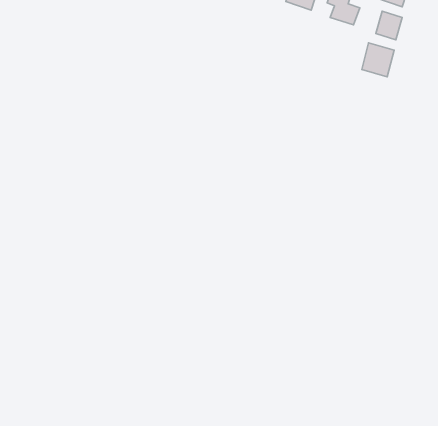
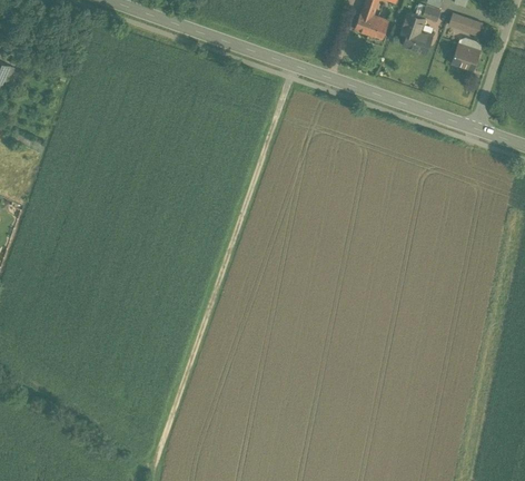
building: [362,43,394,77] -> none

